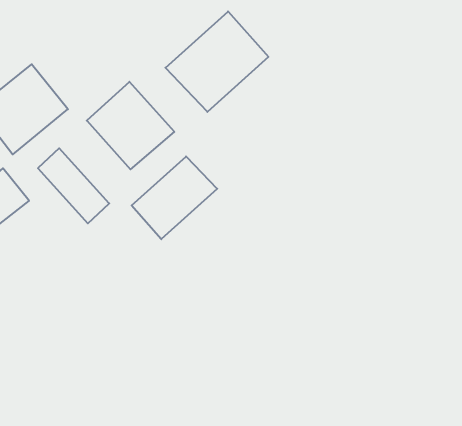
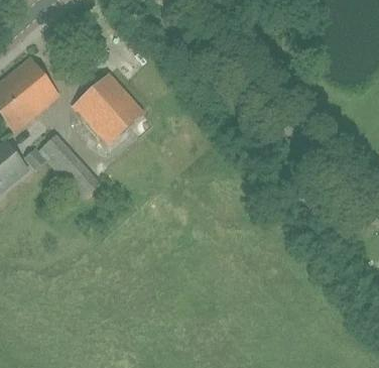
building: [165,11,268,112] -> none
building: [132,156,217,239] -> none

